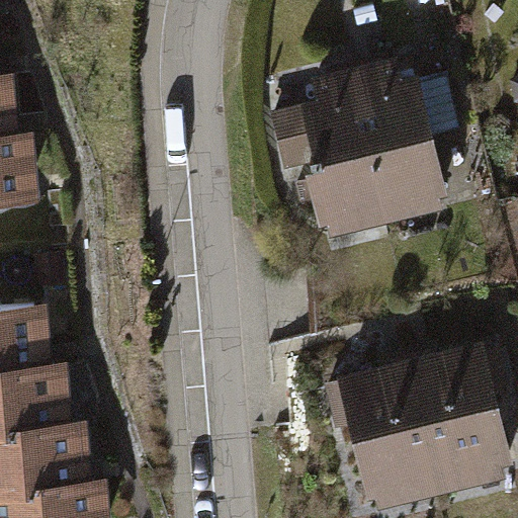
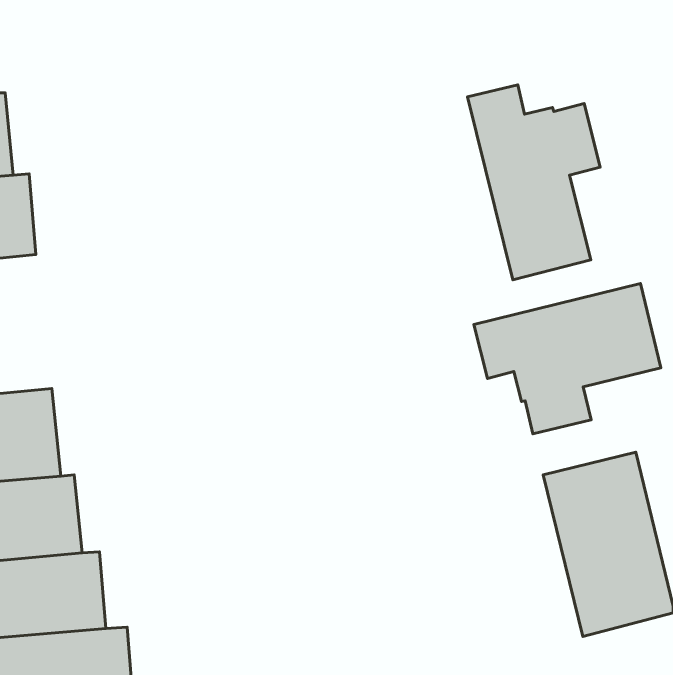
building: [276,76,391,232] -> none
building: none -> [474,283,661,434]
building: [343,365,444,506] -> none

